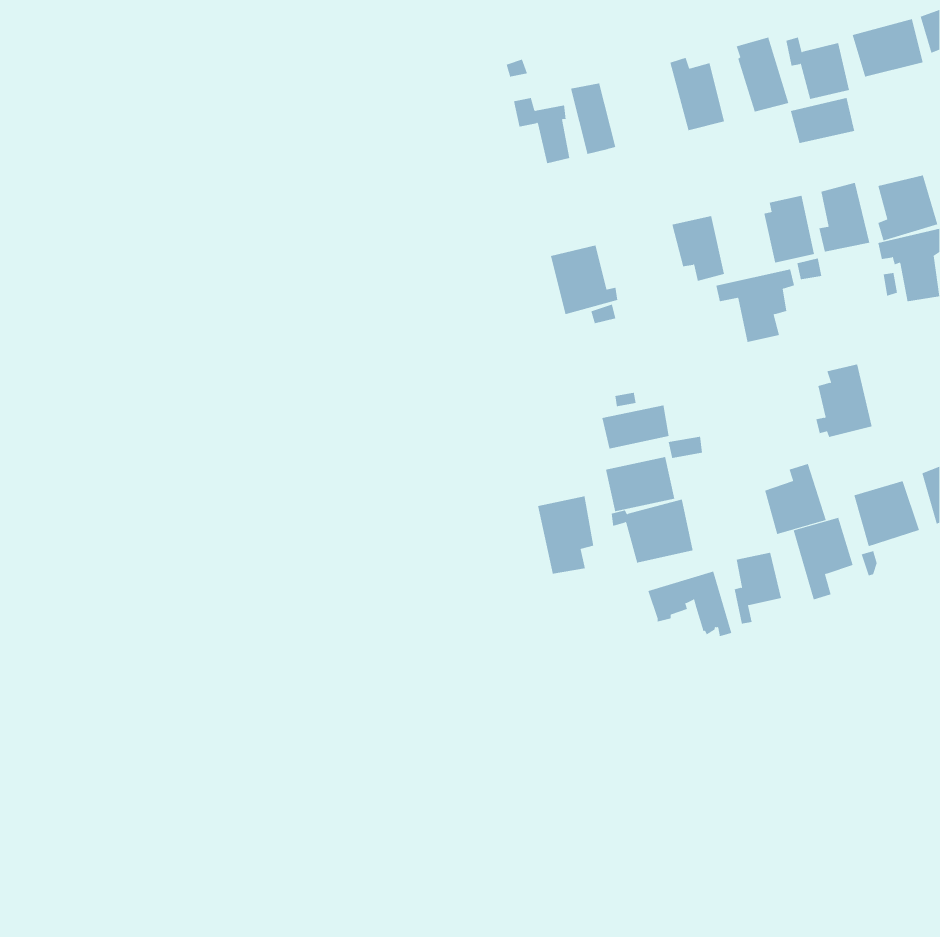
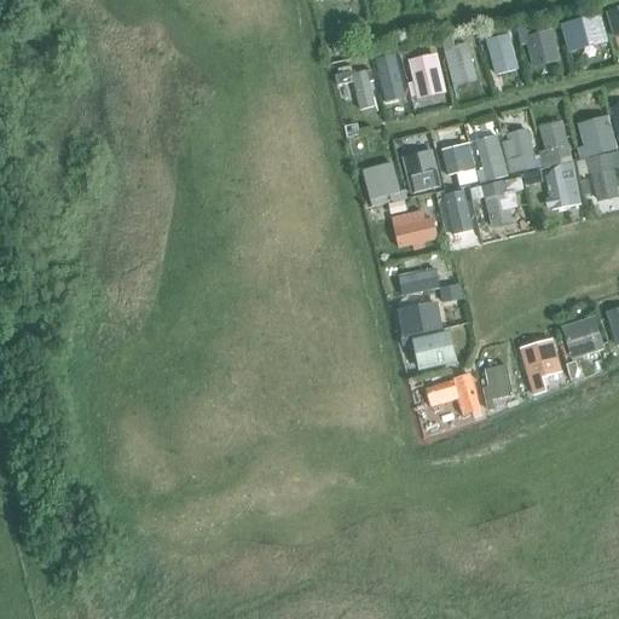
building: none -> [406,52,445,98]
building: [790,97,855,144] -> none
building: none -> [475,134,507,181]
building: none -> [401,149,438,190]
building: none -> [442,190,473,235]
building: none -> [391,209,438,249]
building: [816,364,873,437] -> [544,161,582,209]
building: [765,463,826,535] -> none
building: [537,496,594,575] -> none

